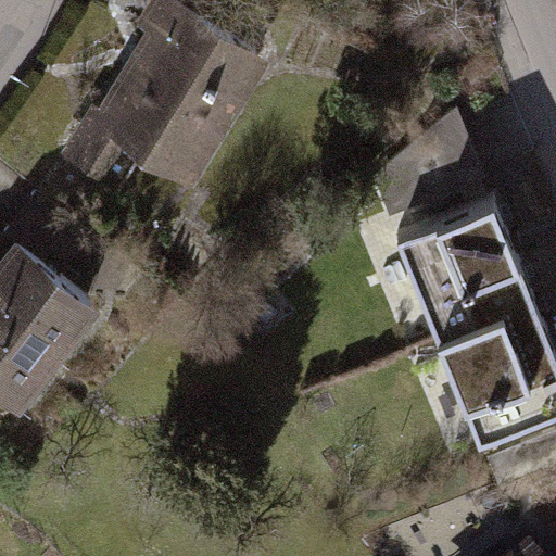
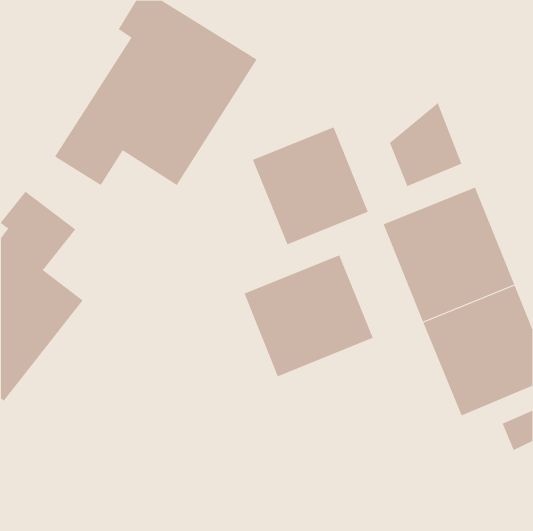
building: none -> [252,126,369,245]
building: none -> [244,254,374,377]

